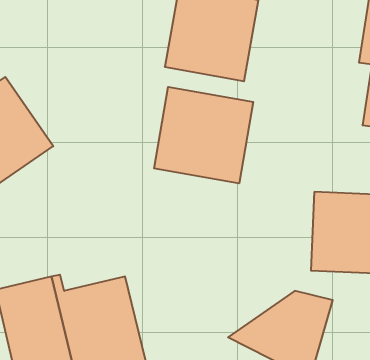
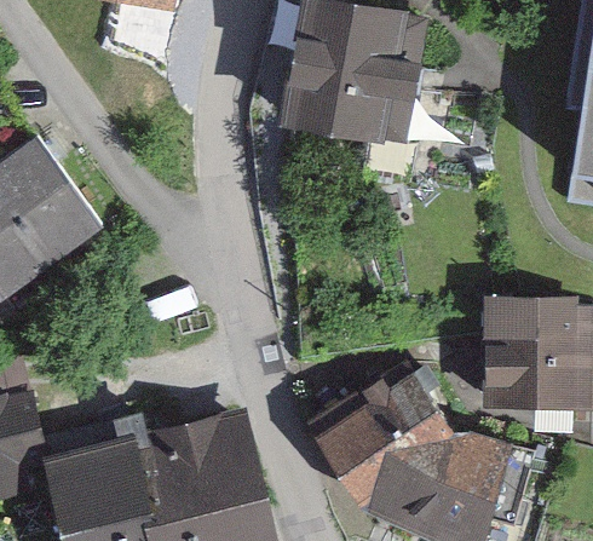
building: [154,87,253,183] -> none
building: none -> [316,363,470,506]

